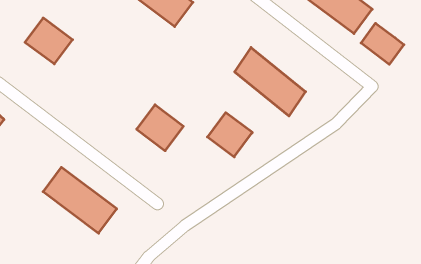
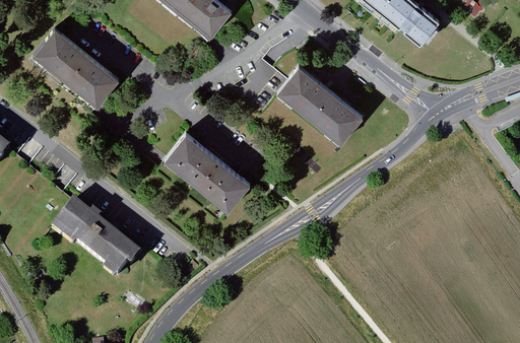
building: [361,23,404,64] -> none
building: none -> [67,56,119,108]
building: [207,113,252,157] -> [197,157,250,209]

